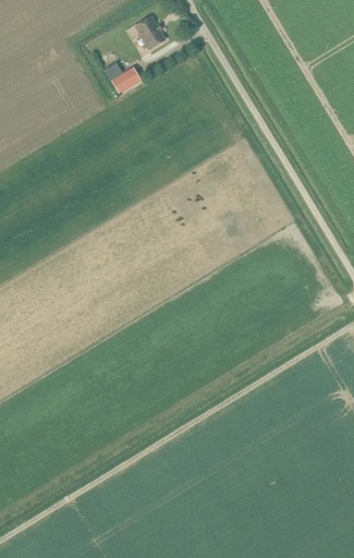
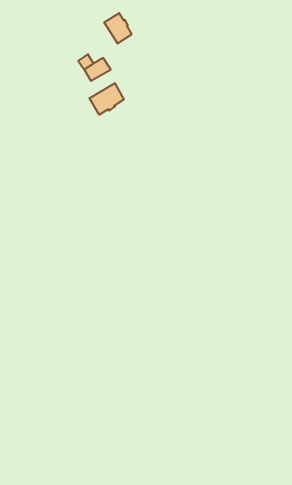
building: none -> [89,83,124,115]

